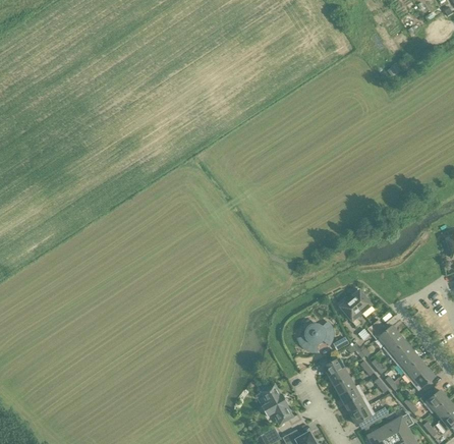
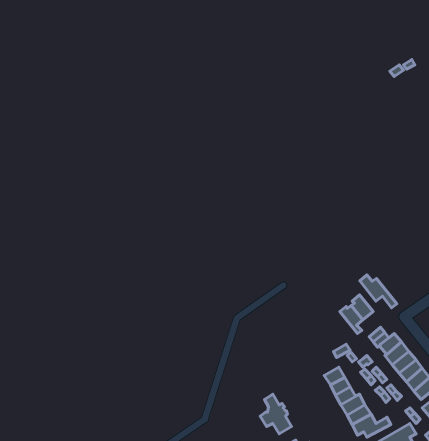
building: none -> [360,275,397,308]
building: [298,322,333,351] -> none

